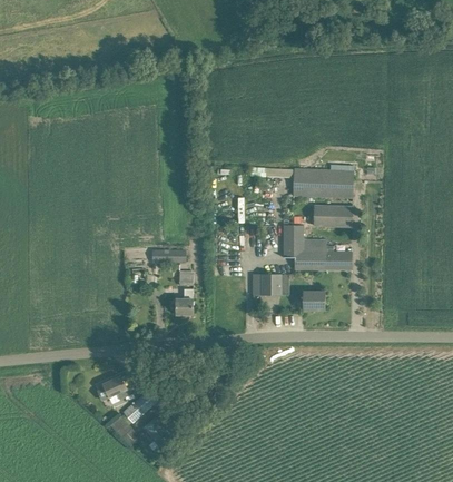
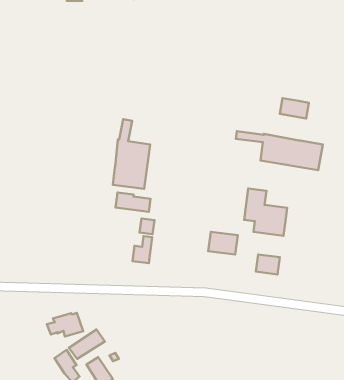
building: none -> [280,98,309,118]
building: none -> [113,119,150,189]
building: [313,206,352,226] -> none
building: [326,252,352,269] -> none

